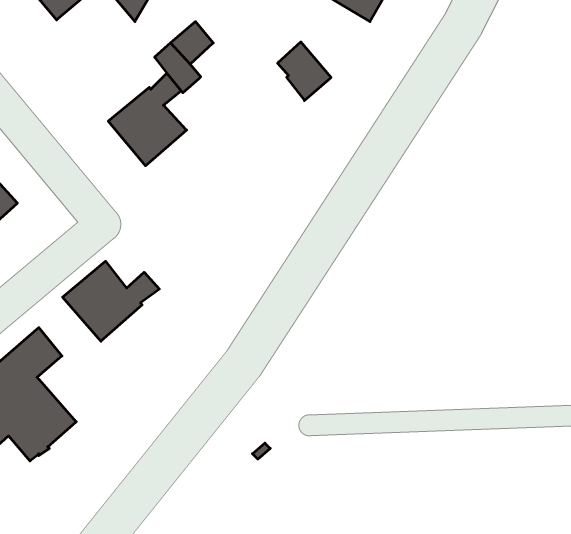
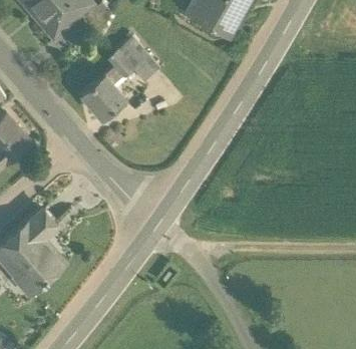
building: [278,42,331,101] -> [125,51,155,84]
building: [63,261,159,341] -> none

